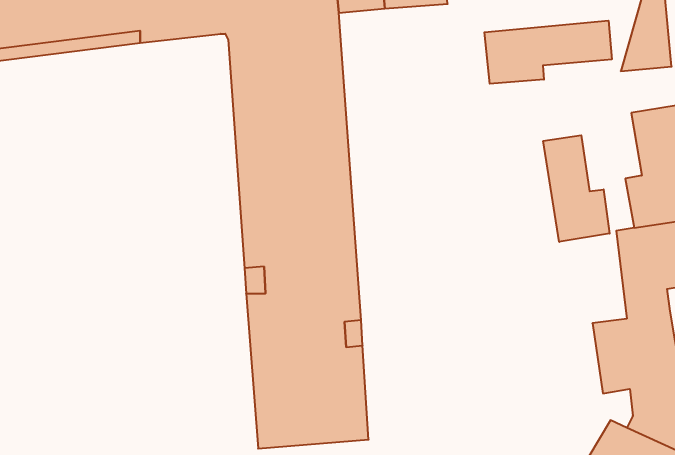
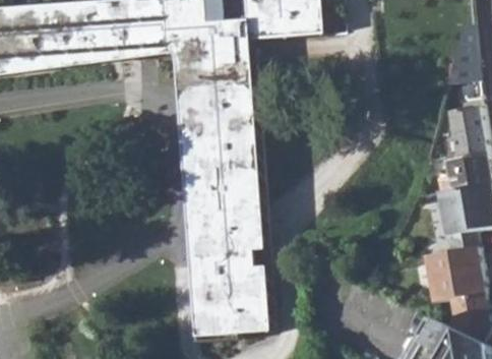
building: [484,21,612,84] -> none
building: [543,135,610,242] -> none

